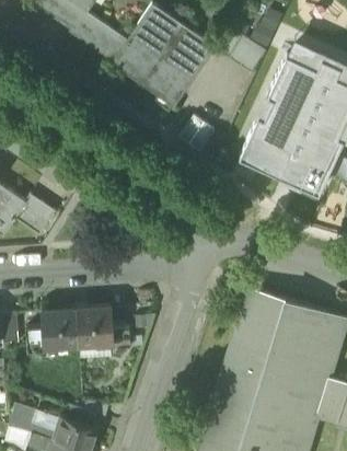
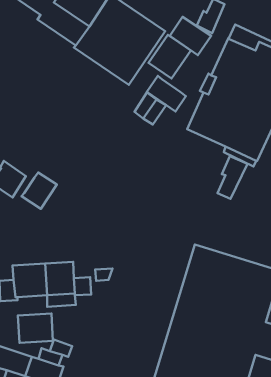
building: none -> [148,35,191,79]
building: none -> [147,76,186,112]
building: none -> [217,156,248,199]
building: none -> [21,172,57,209]
building: none -> [18,313,53,343]

